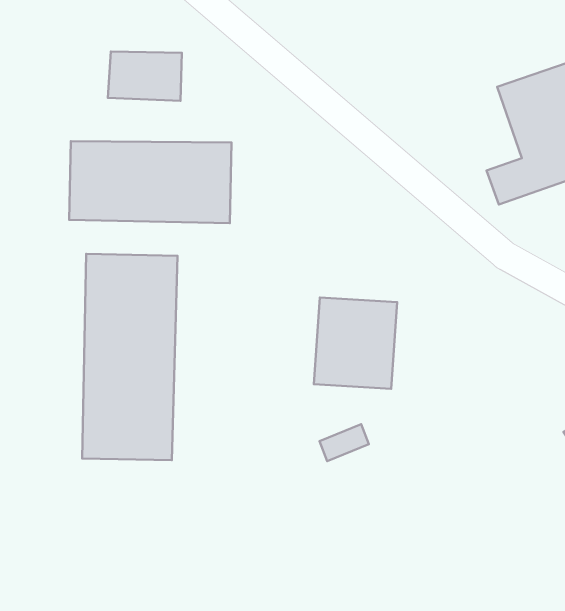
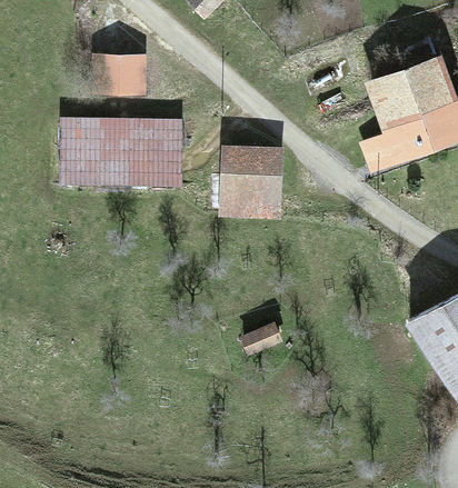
building: [82,254,178,460] -> none
building: [314,297,397,389] -> [220,149,280,215]

